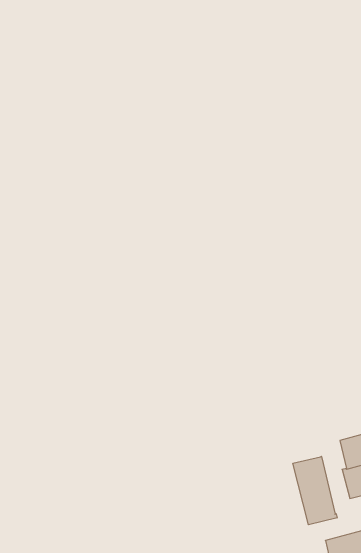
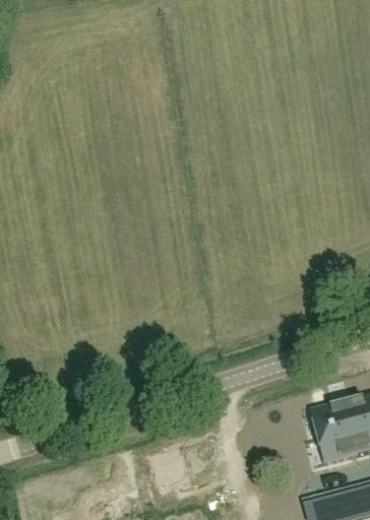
building: [293,456,337,525] -> none

